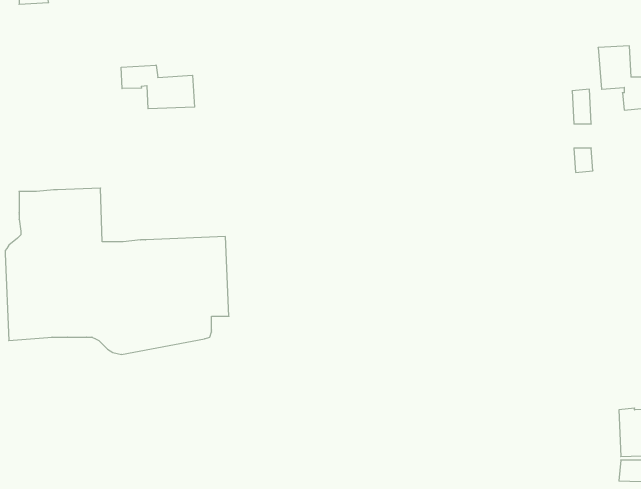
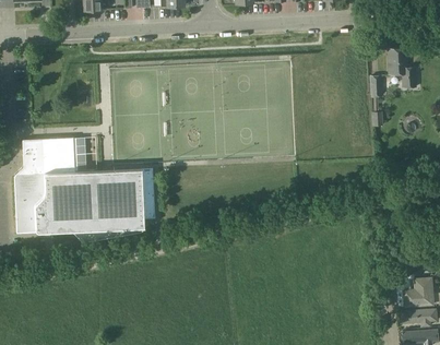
building: [121,65,195,109] -> none

